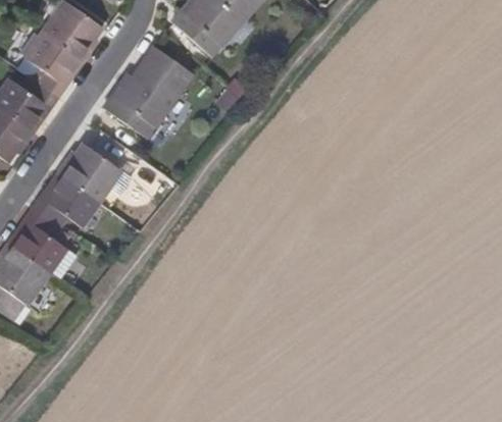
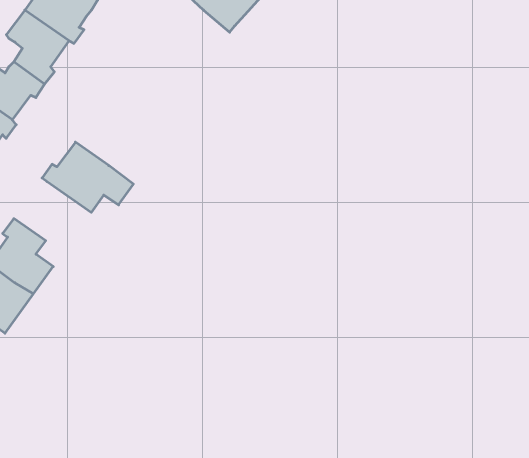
building: [105,46,193,137] -> none
building: [33,177,97,226] -> none

